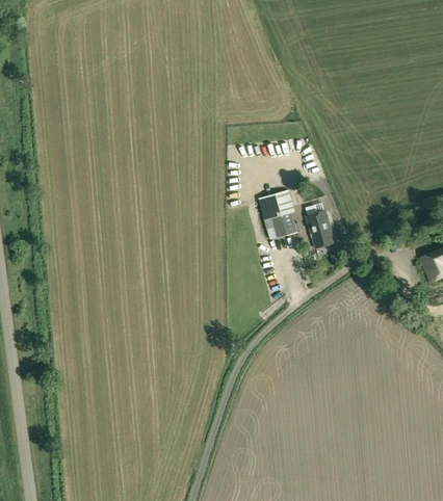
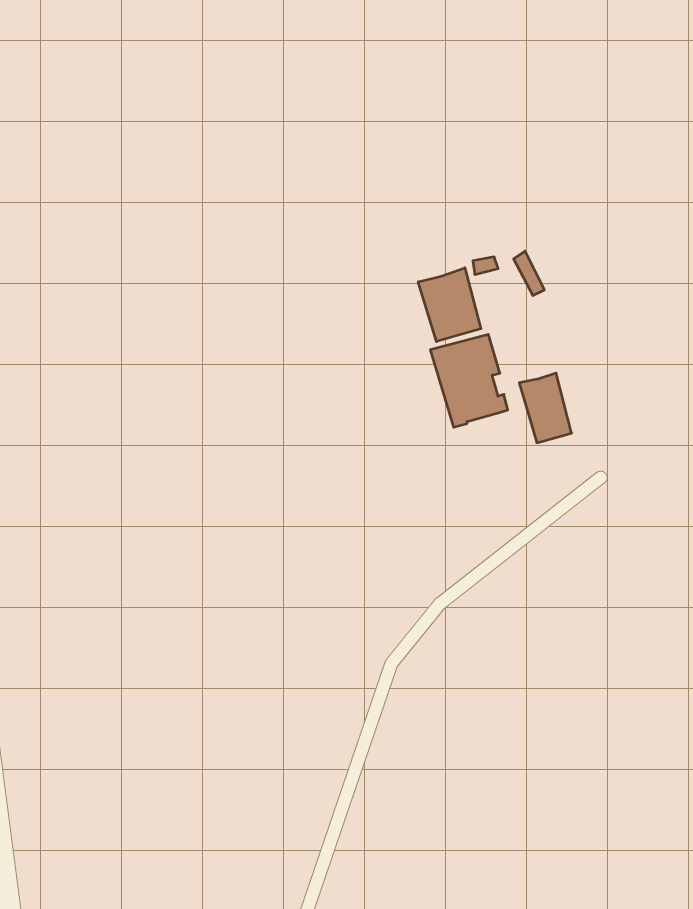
building: none -> [418,268,481,342]

